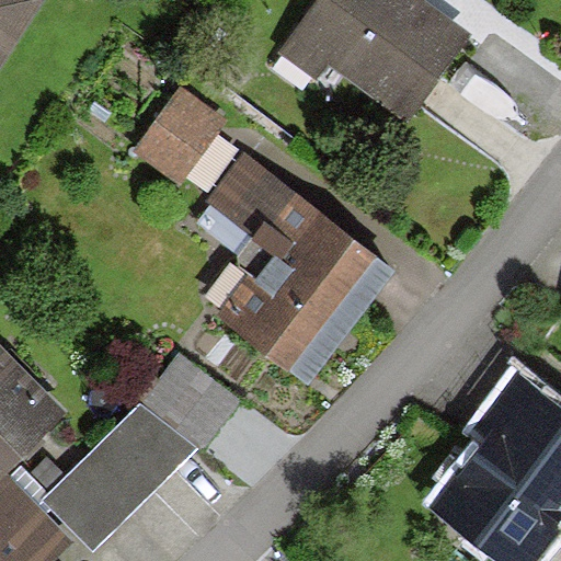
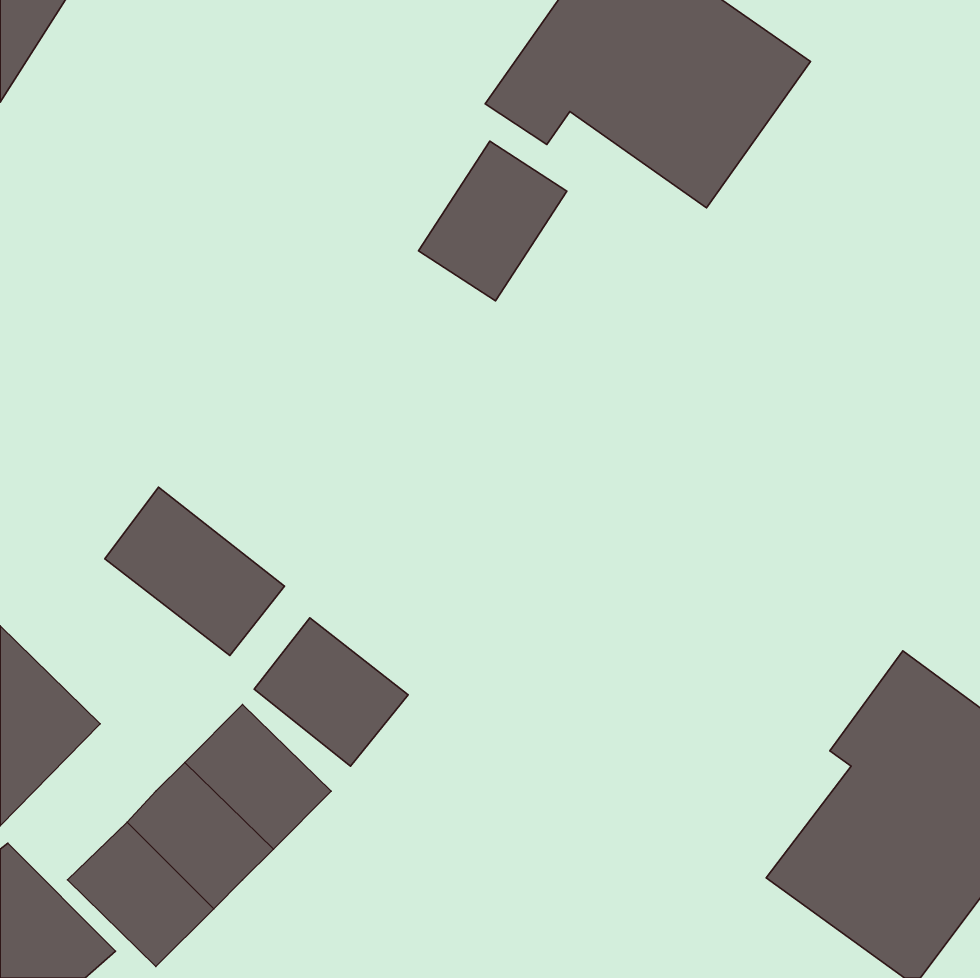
building: [137,85,221,176] -> [419,141,567,301]
building: [201,159,391,382] -> none
building: none -> [105,487,284,656]

